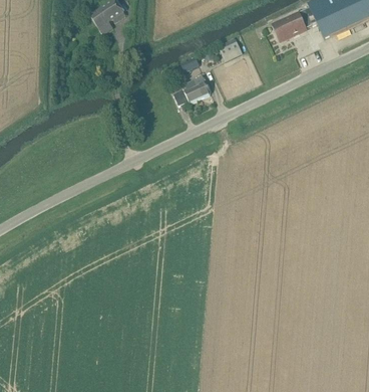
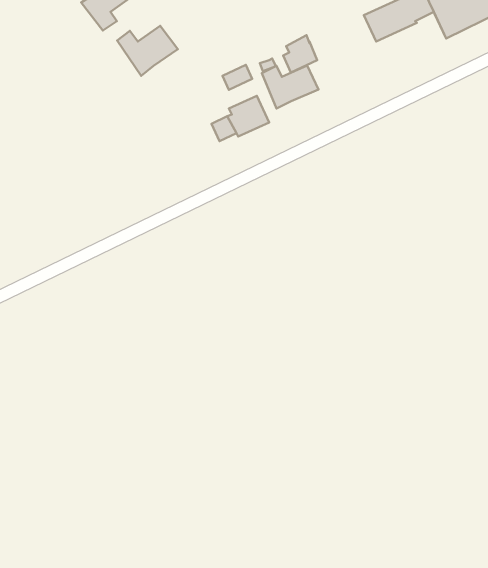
building: none -> [117,26,178,76]
building: none -> [262,66,319,109]

